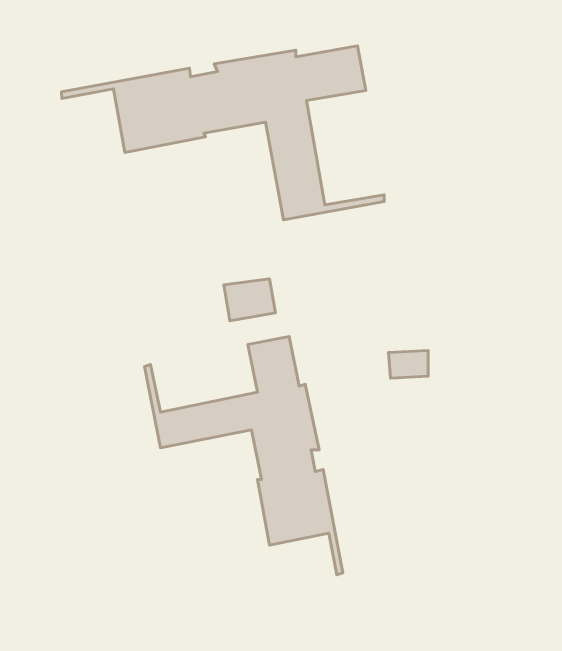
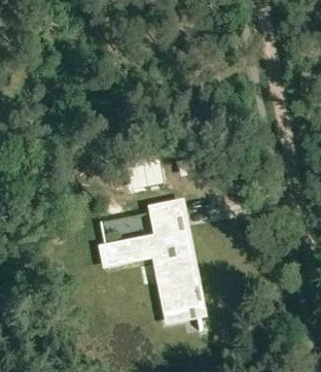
building: [62,46,384,220] -> none

